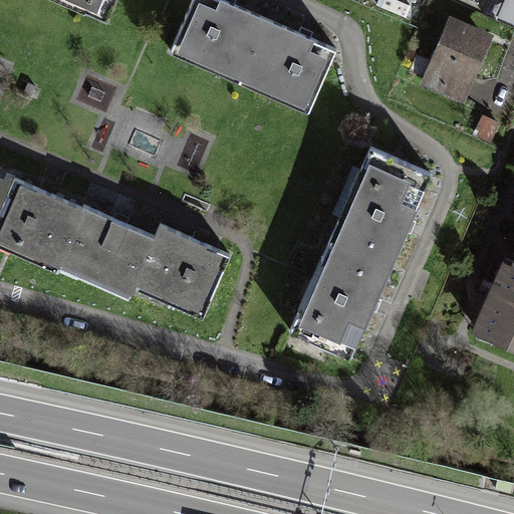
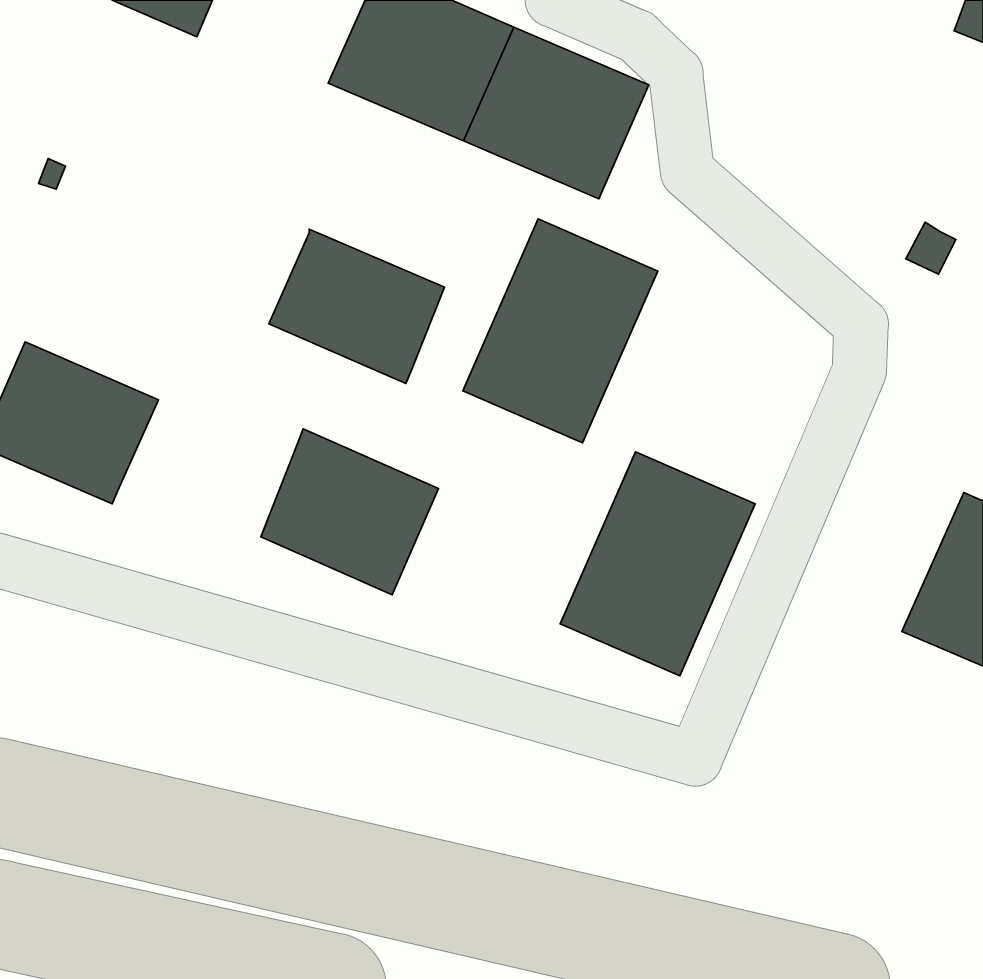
building: [419,22,491,106] -> none
building: [330,150,432,266] -> [463,219,658,443]
building: [61,210,153,290] -> [269,229,444,384]

